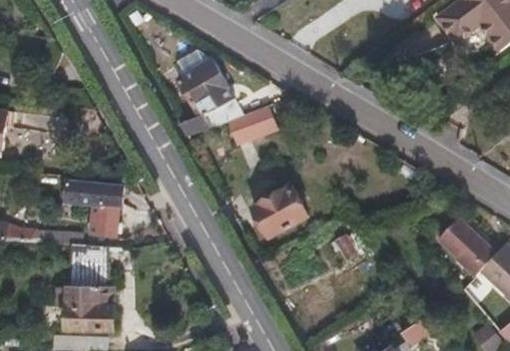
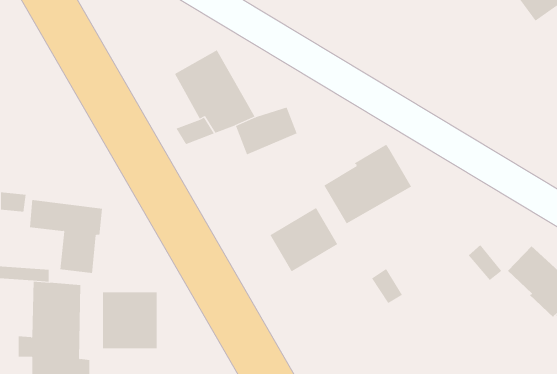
building: none -> [323,144,412,224]
building: none -> [103,291,157,349]

